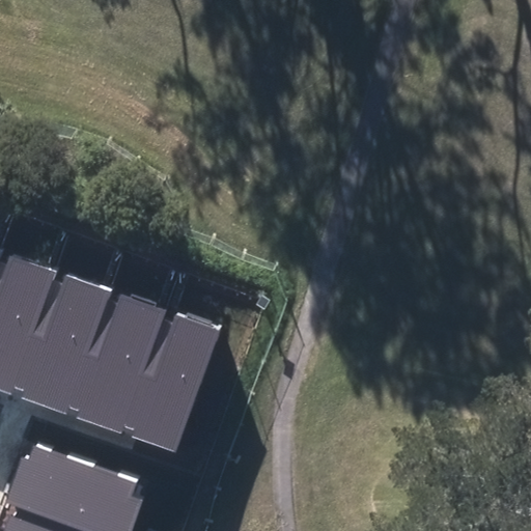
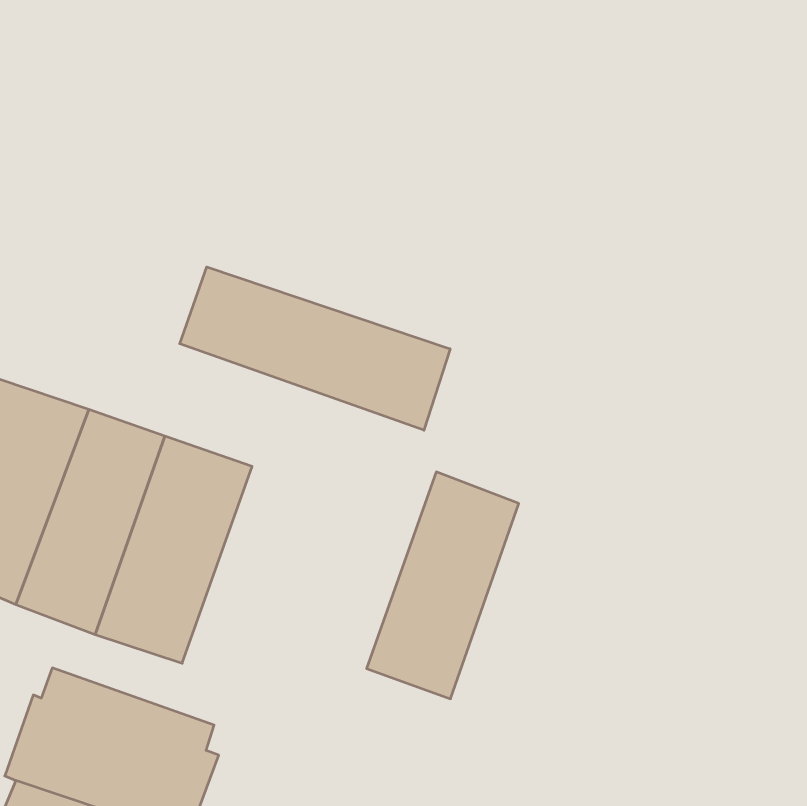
building: none -> [180,267,450,430]
building: [119,308,219,456] -> [367,472,519,699]

